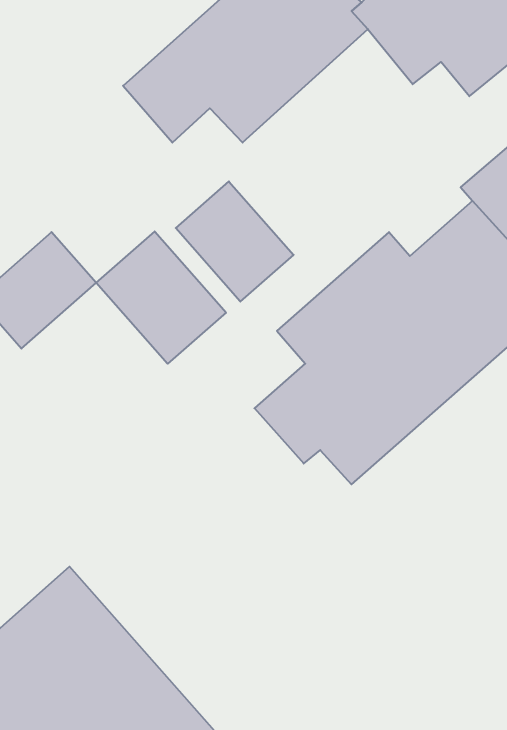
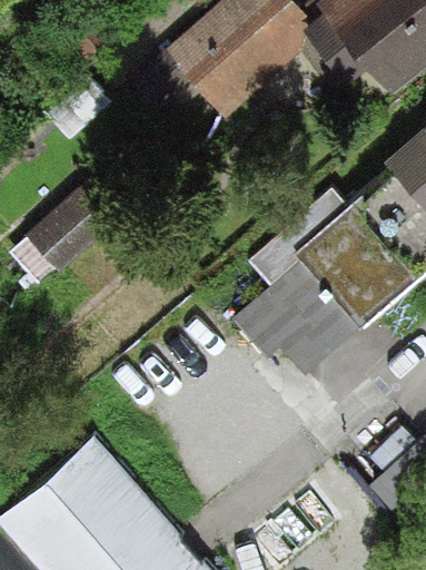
building: [176,181,294,302] -> none
building: [96,231,226,364] -> none

